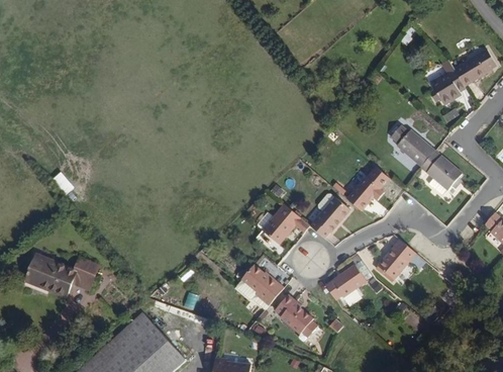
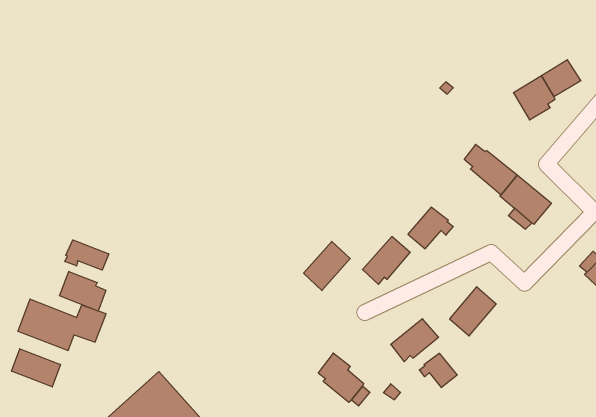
building: none -> [65,240,109,270]
building: none -> [59,271,106,311]
building: [241,264,283,305] -> none
building: none -> [12,349,60,387]
building: none -> [419,353,457,388]

